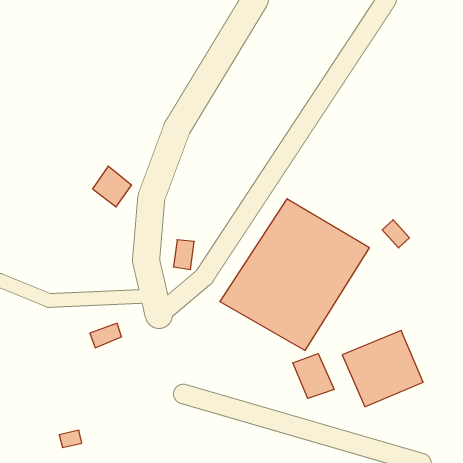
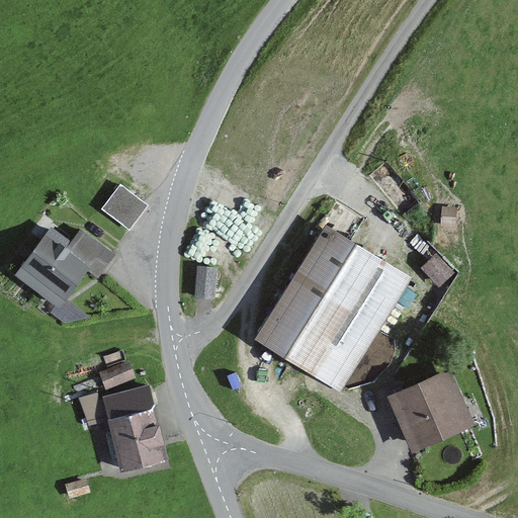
building: none -> [18,229,118,308]
building: none -> [78,381,168,474]
building: [293,354,334,398] -> none

